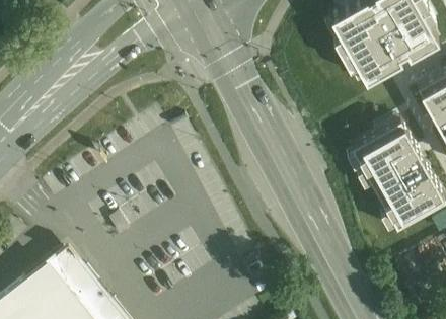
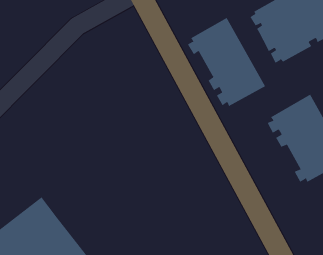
building: none -> [187,17,266,107]

